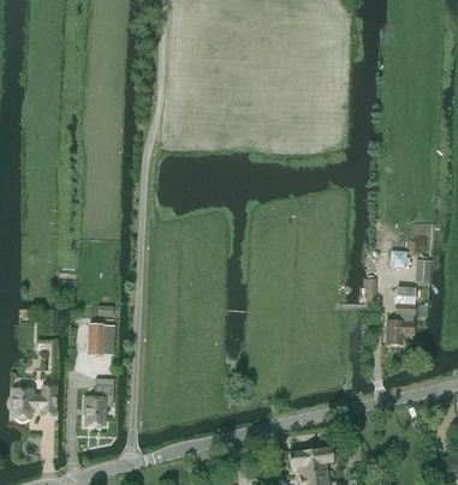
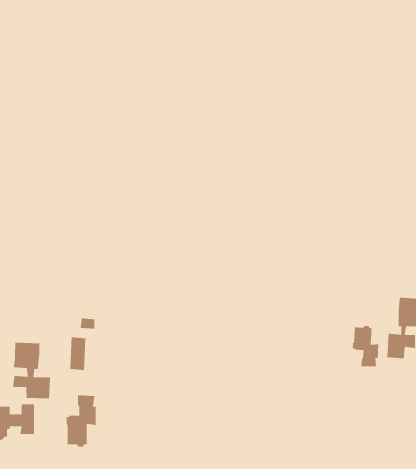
building: none -> [352,325,379,367]
building: none -> [13,342,50,399]

